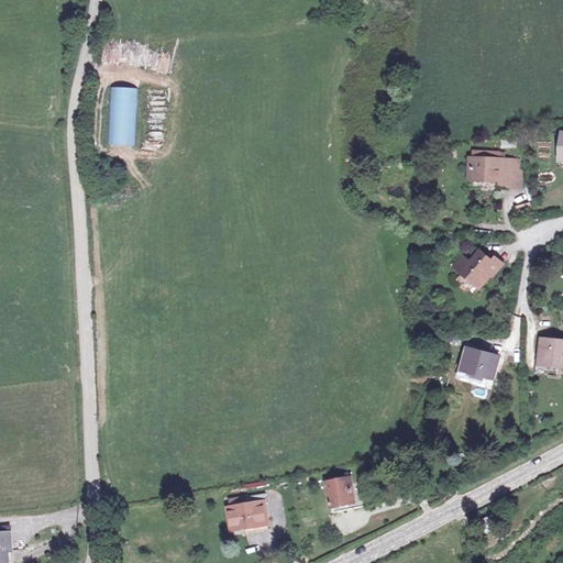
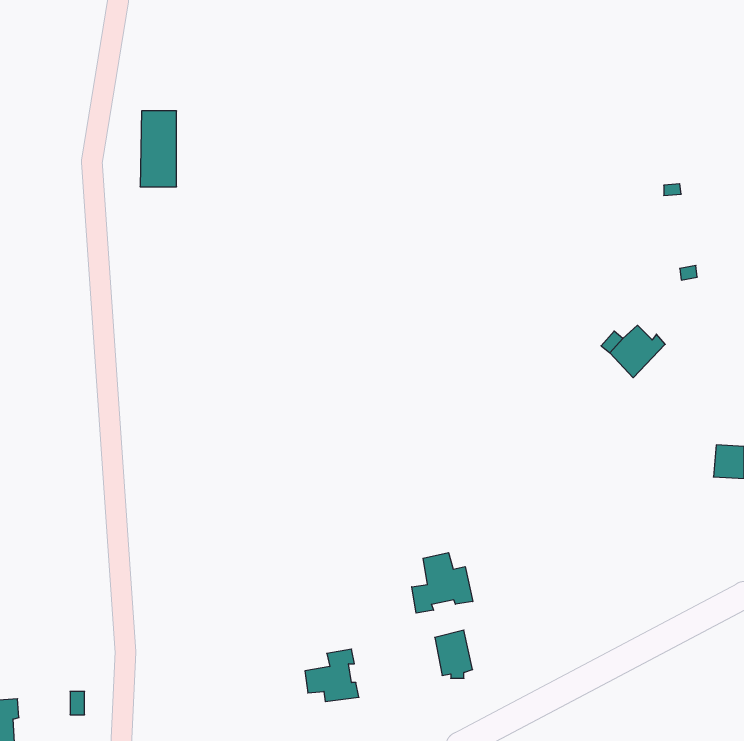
building: [465,155,518,187] -> none
building: [462,345,501,377] -> none
building: none -> [412,553,473,613]

